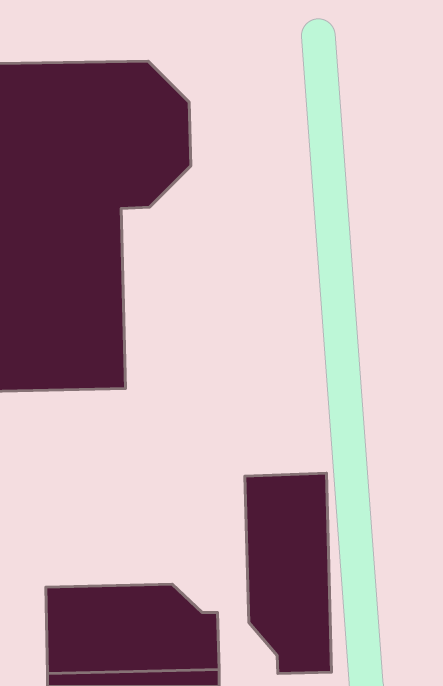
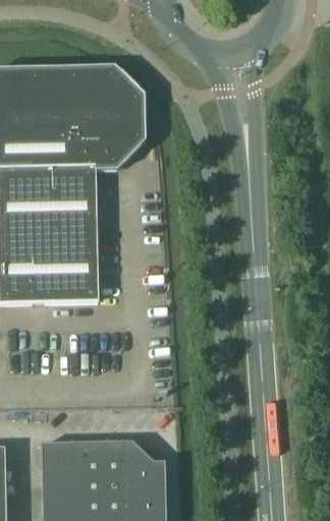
building: [245,473,332,674] -> none

